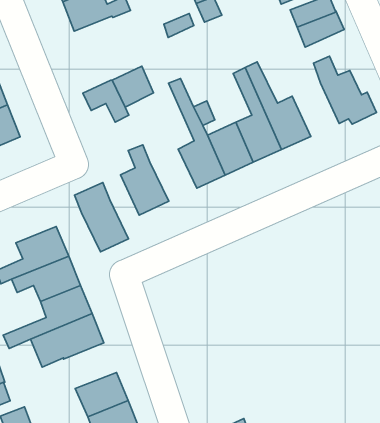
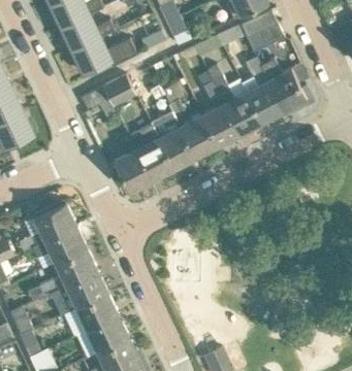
building: none -> [71,36,137,74]
building: none -> [246,59,284,123]
building: [75,182,129,252] -> [130,125,174,179]
building: none -> [76,294,119,331]

